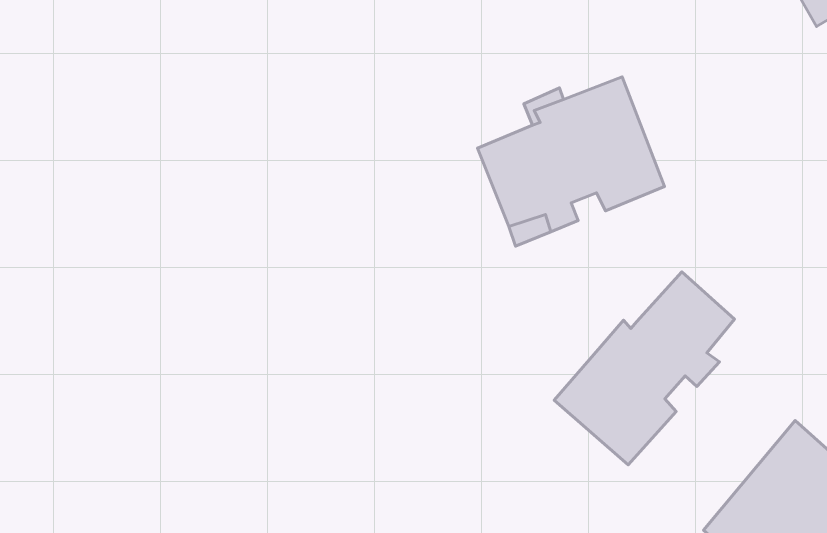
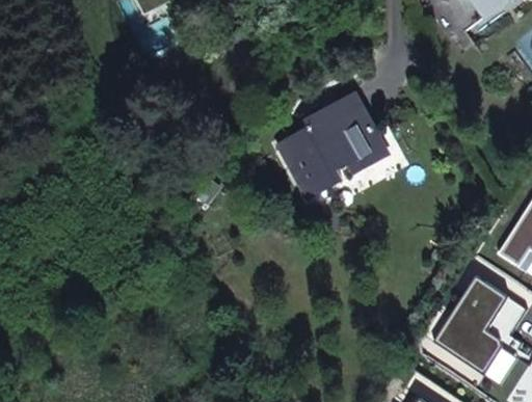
building: [554,272,734,465] -> none

